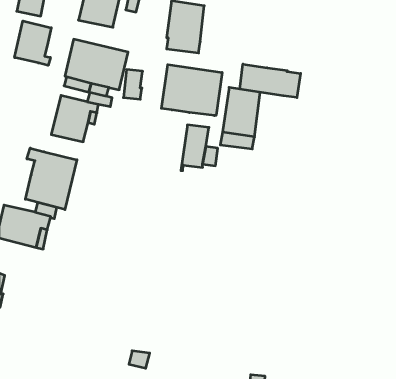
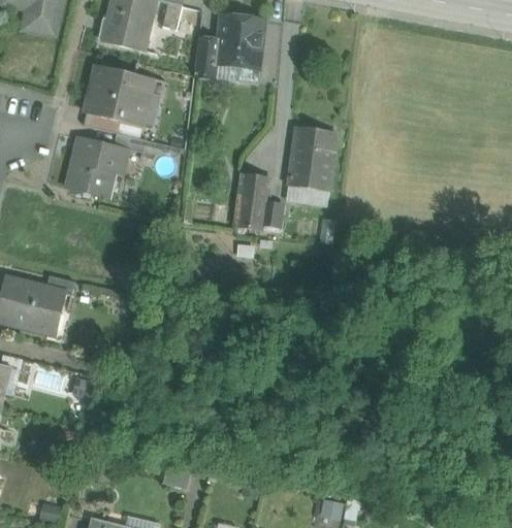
building: [15,21,51,65] -> none
building: [240,64,301,98] -> none
building: [161,65,222,116] -> none
building: [123,70,143,99] -> [193,38,218,76]
building: [25,148,77,210] -> none

